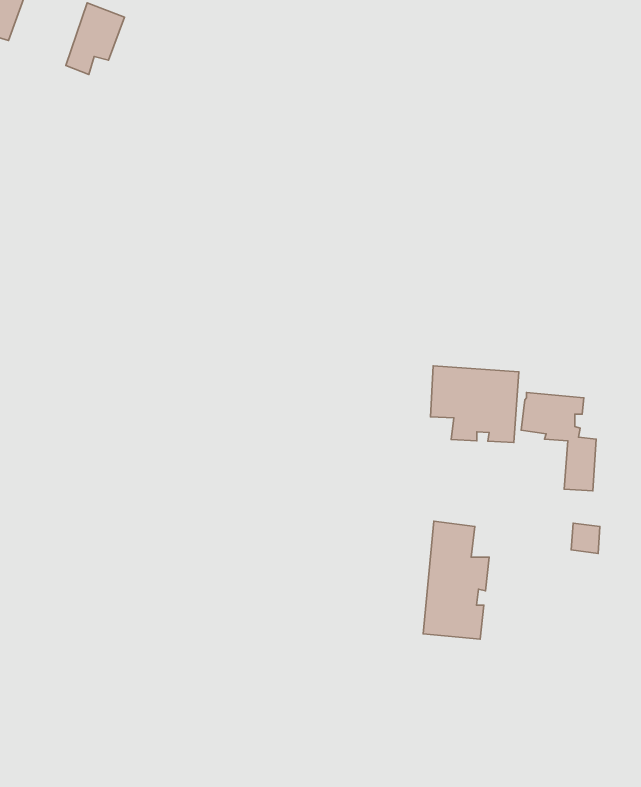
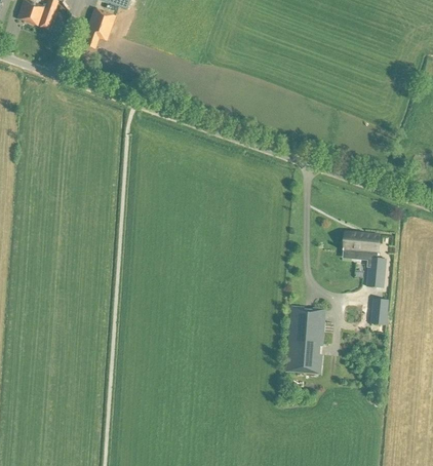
building: [431,366,519,443] -> none

